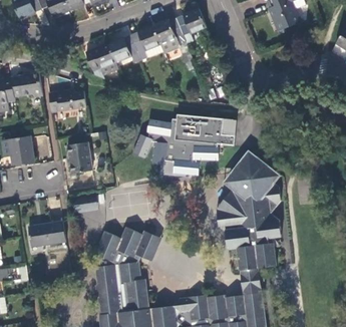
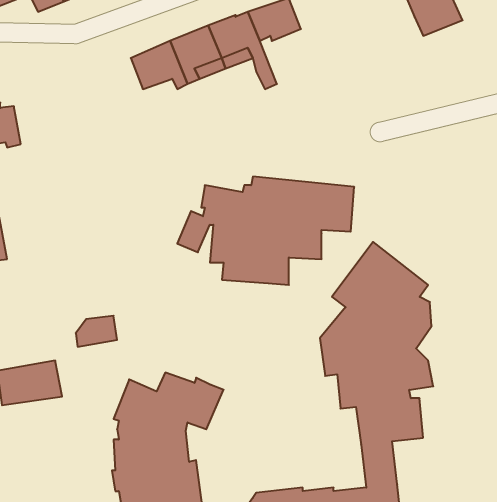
building: [84,44,115,74] -> none
building: [48,89,86,112] -> none
building: [66,141,92,174] -> none

